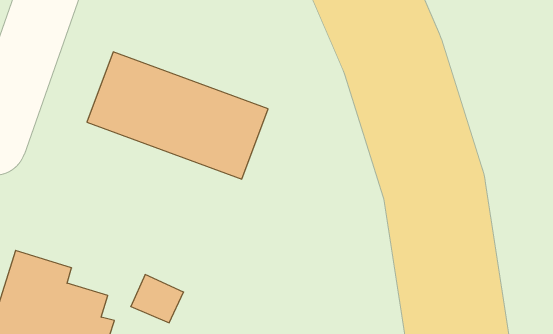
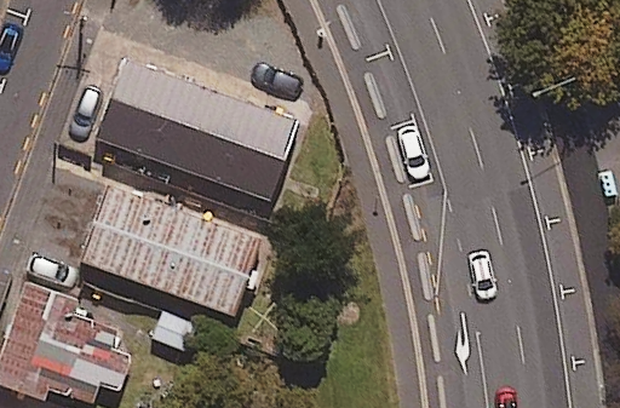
building: none -> [80,179,263,316]

